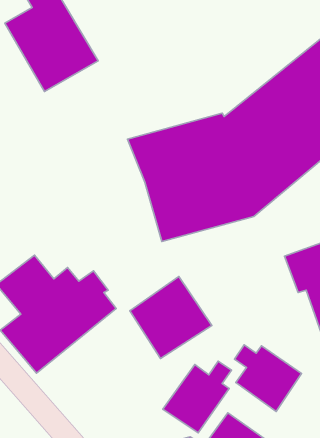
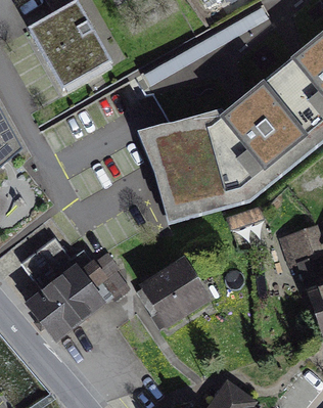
building: [234,345,302,412] -> none
building: [163,361,231,433] -> none

